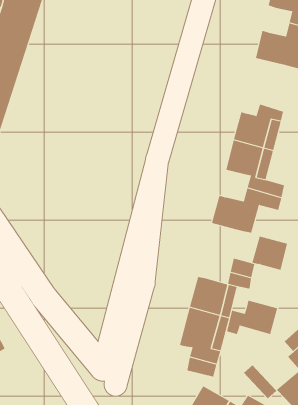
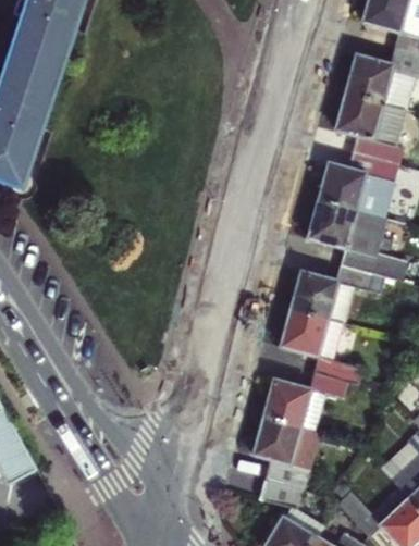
building: none -> [340,94,392,162]
building: [252,236,288,270] -> [284,306,331,350]
building: [227,300,278,335] -> none

